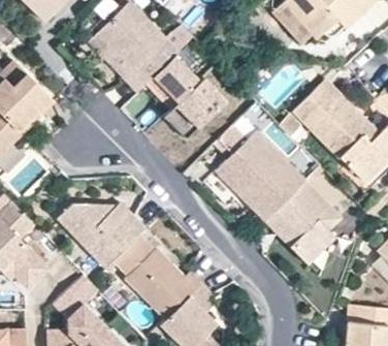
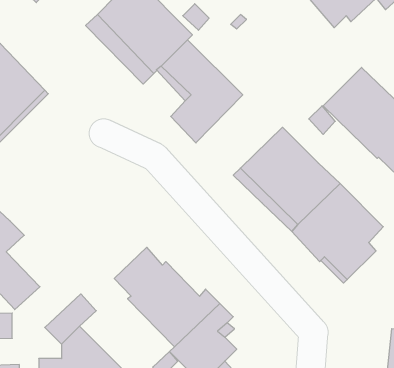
building: [57,201,145,266] -> none

